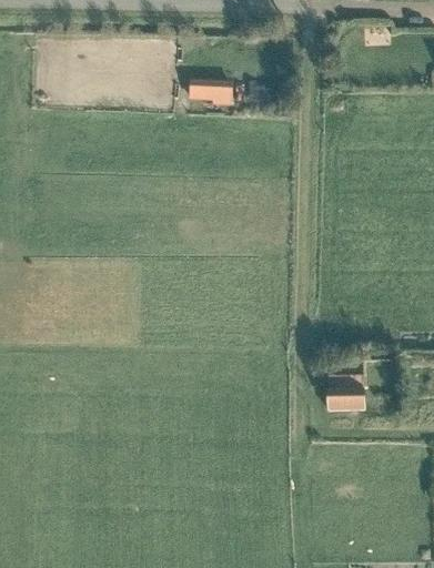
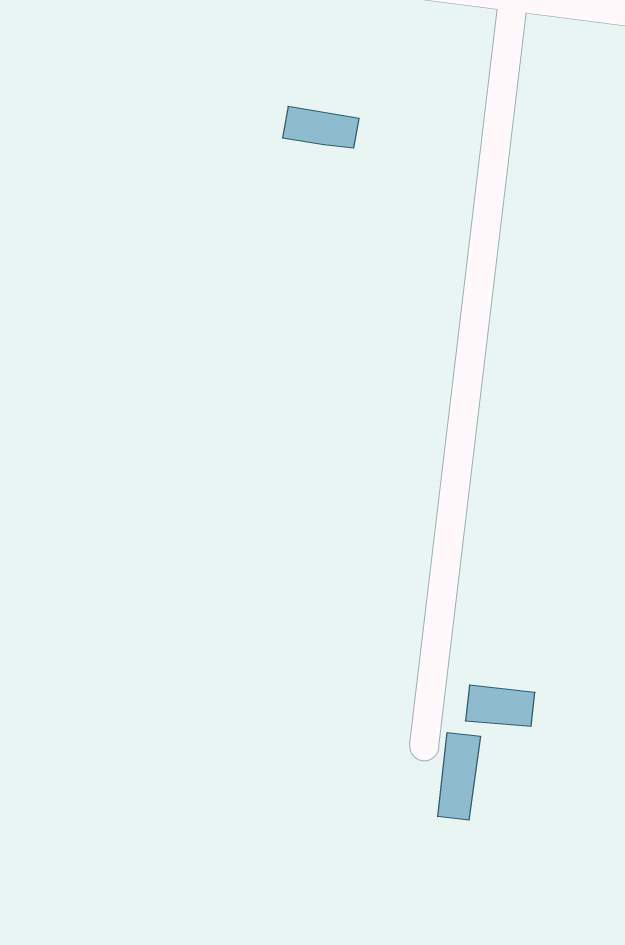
building: none -> [438,733,480,820]

